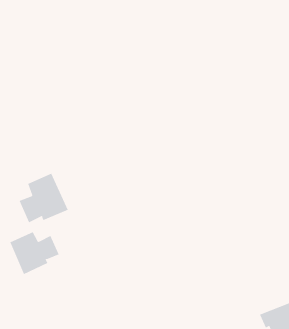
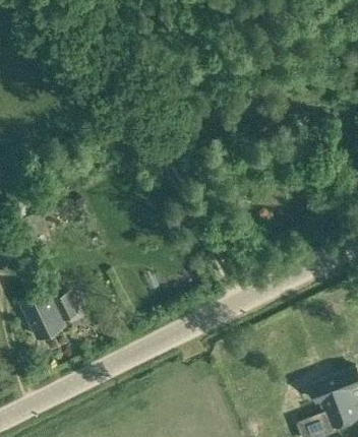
building: [19,173,68,223] -> none

